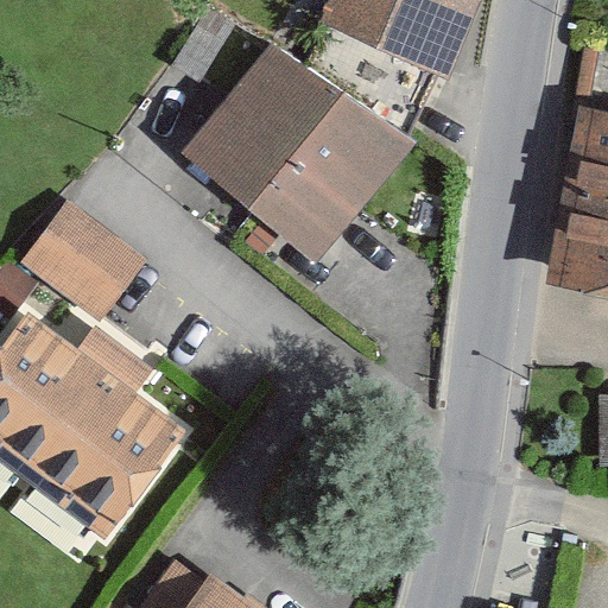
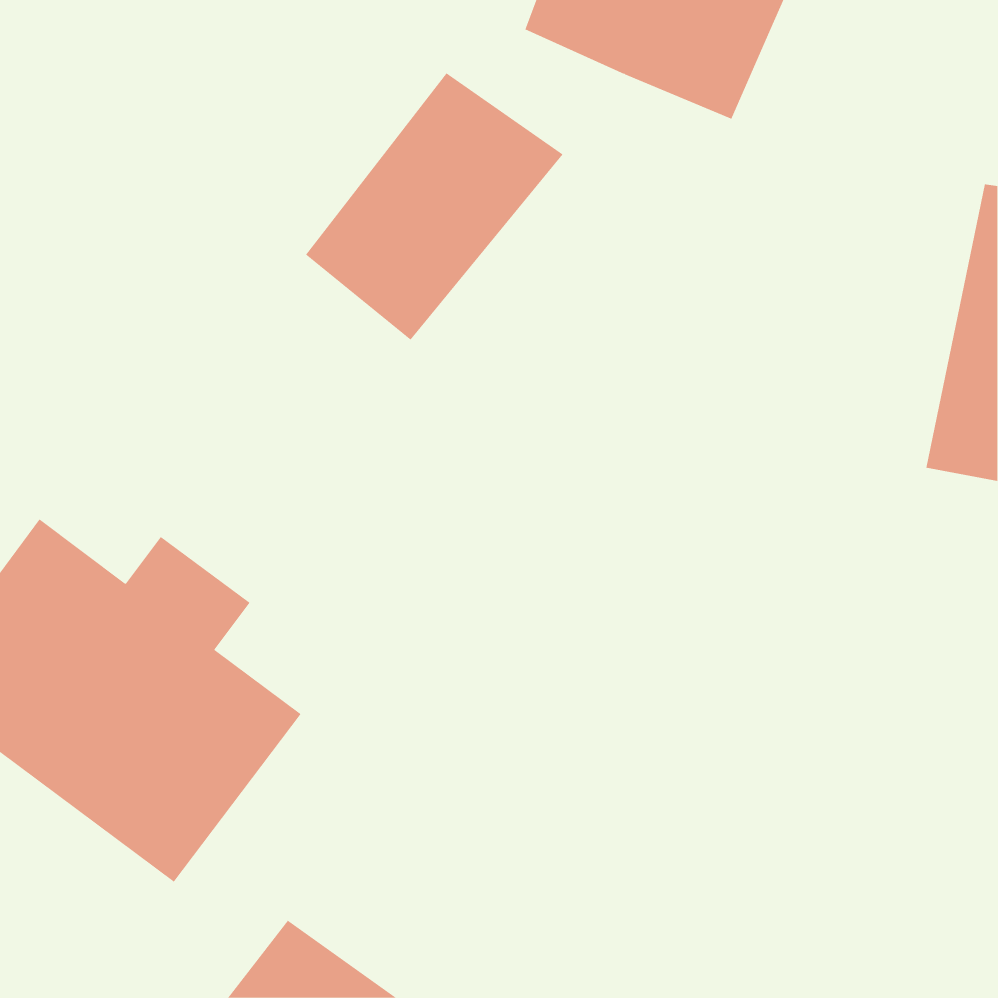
building: [249,94,413,260] -> none
building: [23,202,144,318] -> none

